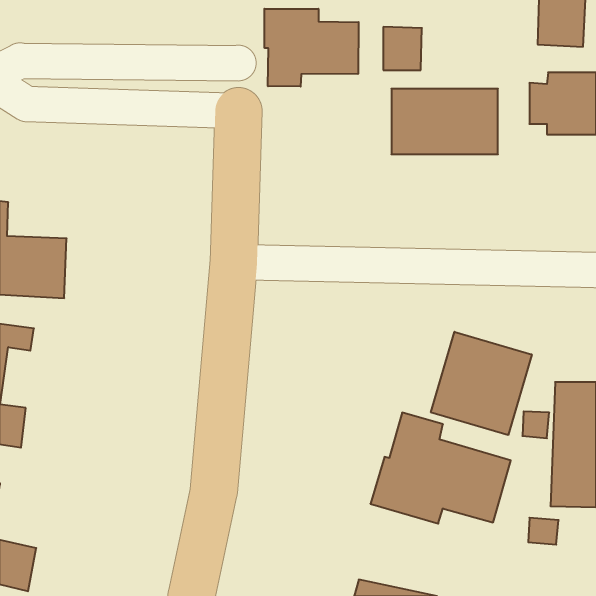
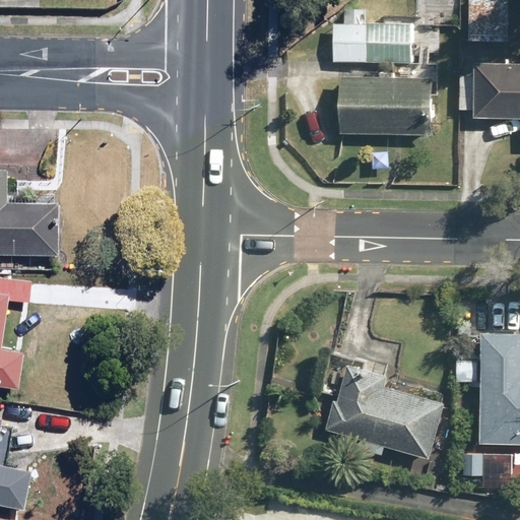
building: [264,9,359,87] -> none
building: none -> [366,22,411,61]
building: [431,332,532,435] -> none

